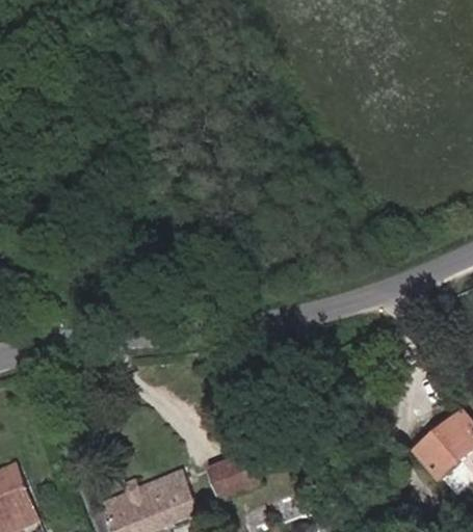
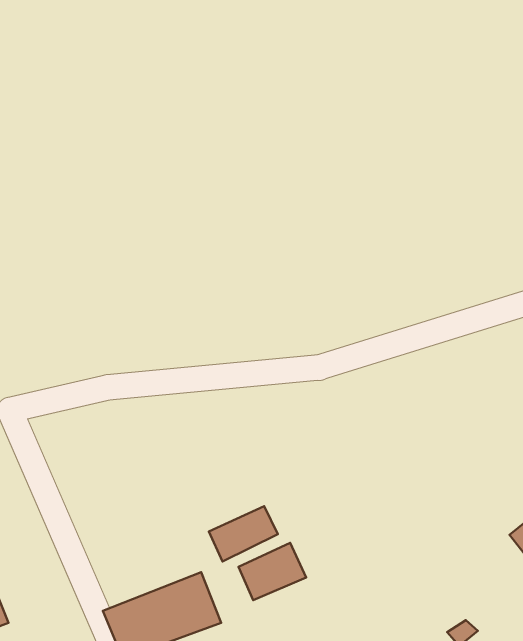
building: none -> [209,506,278,561]

